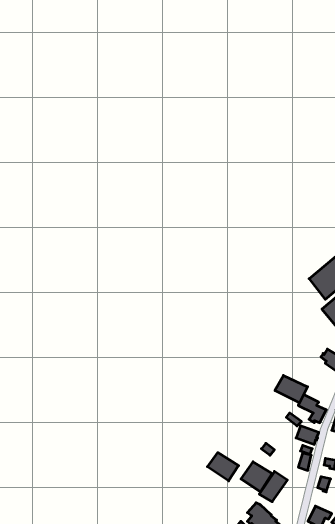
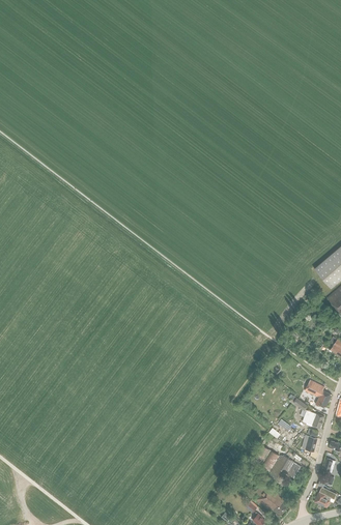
building: [275,375,308,403] -> none
building: [207,453,239,481] -> none

